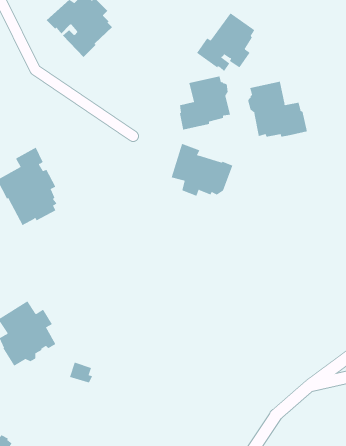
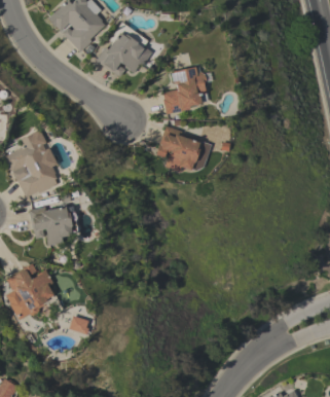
building: [196,13,255,72] -> [96,26,147,77]
building: [247,81,307,138] -> none
building: none -> [29,206,77,246]

